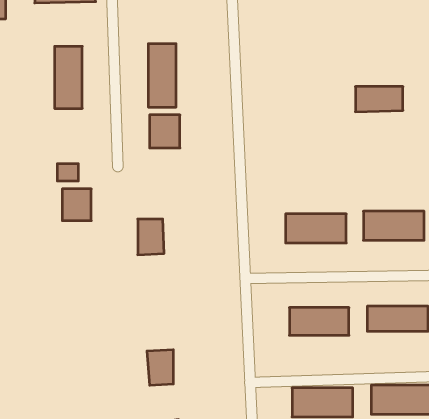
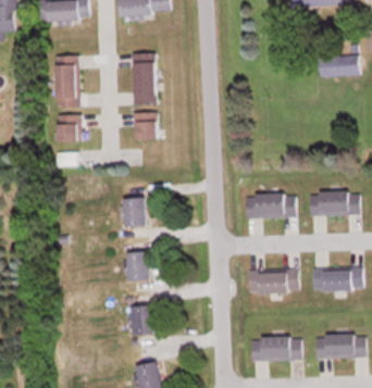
building: [355,87,403,112] -> [319,57,358,77]
building: [62,189,91,221] -> [55,115,79,141]
building: none -> [125,250,149,283]

